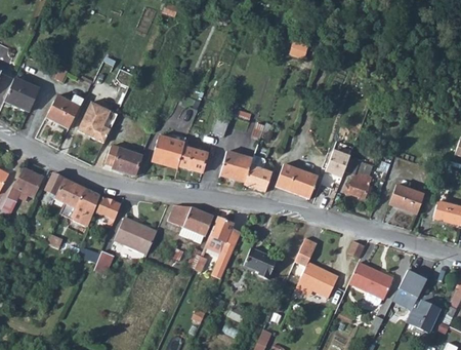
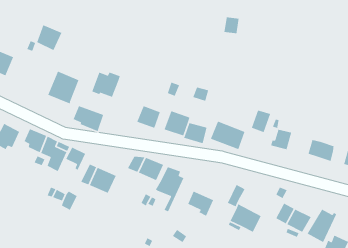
building: [45,94,77,127] -> [36,24,62,51]
building: [158,133,194,165] -> [91,72,121,98]

